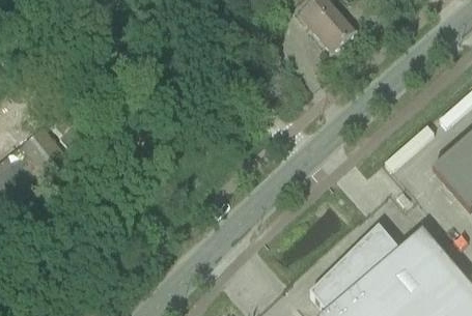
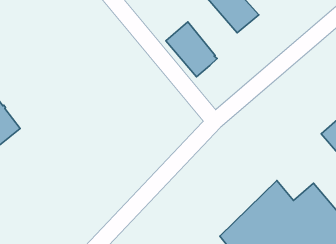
building: none -> [166,22,217,77]

